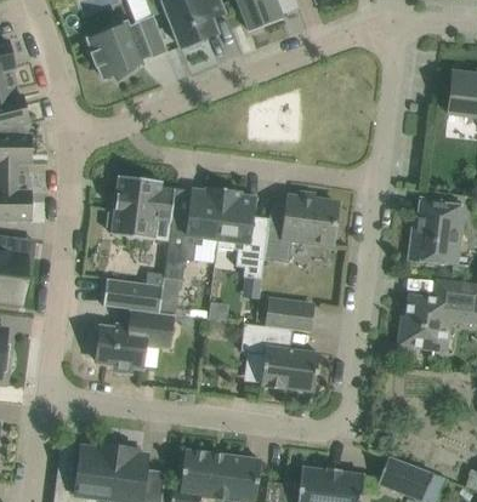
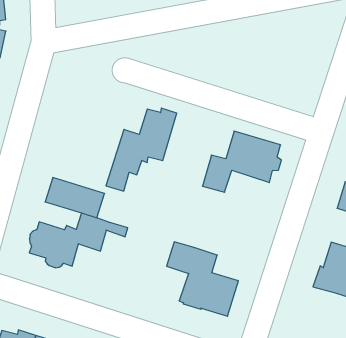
building: [107,175,175,240] -> none
building: [217,188,267,278] -> none
building: [266,300,312,331] -> none

